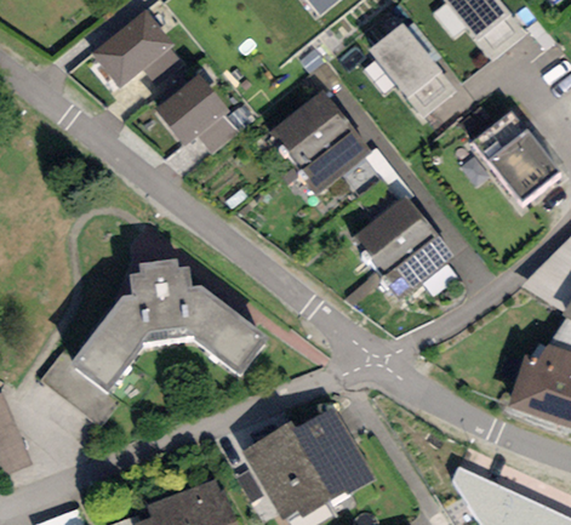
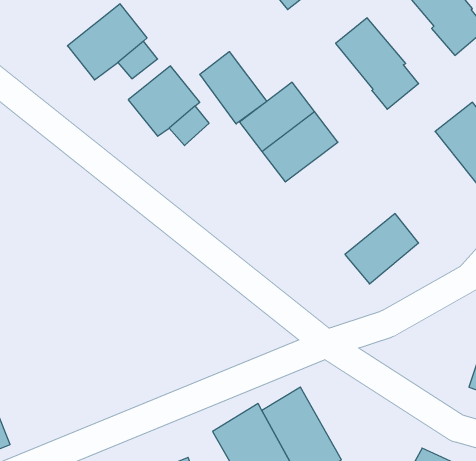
building: none -> [200,52,267,124]
building: [353,194,430,268] -> none
building: [39,258,265,428] -> none

